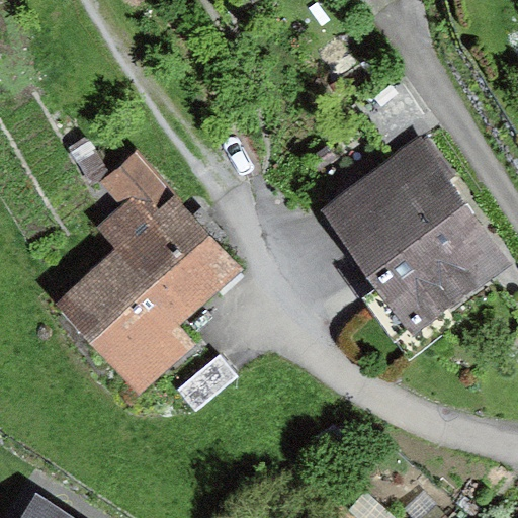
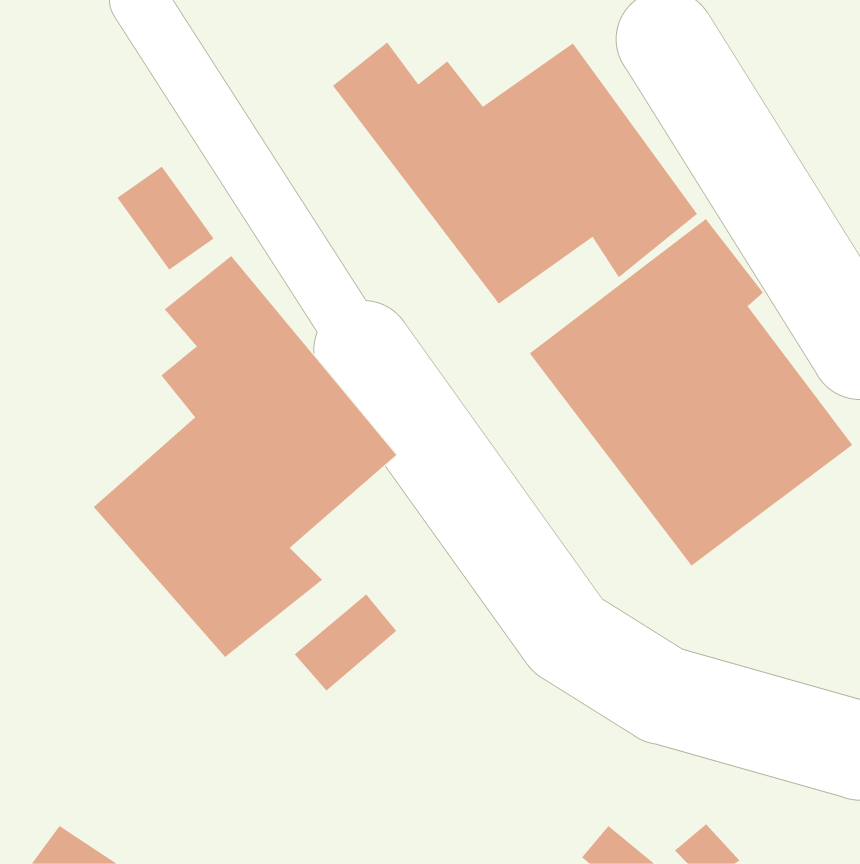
building: none -> [332,42,698,304]

